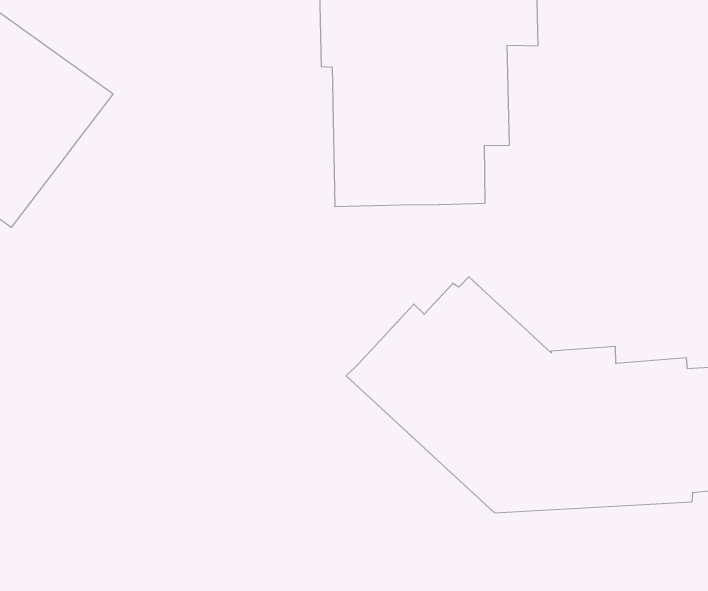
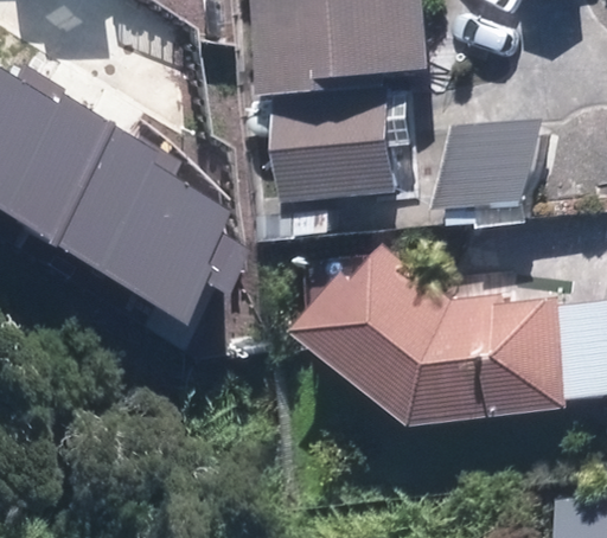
building: none -> [37,128,213,321]
building: none -> [432,120,539,211]

